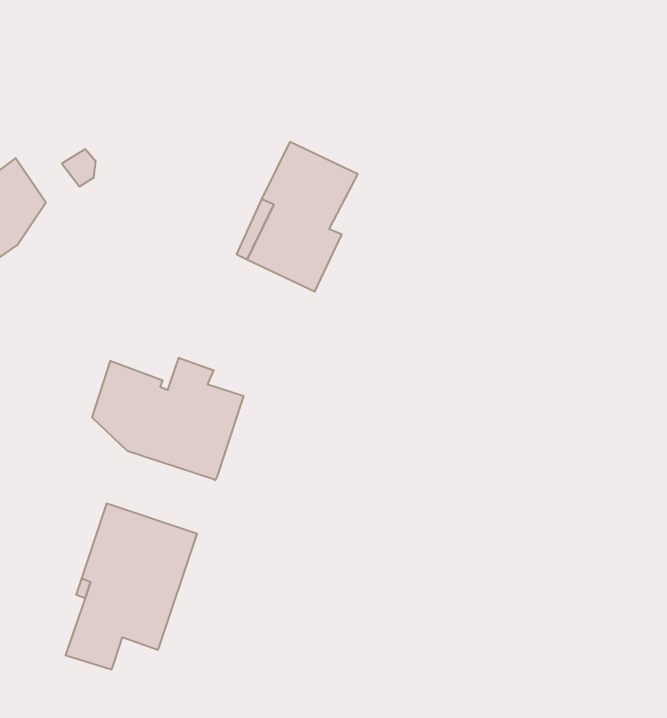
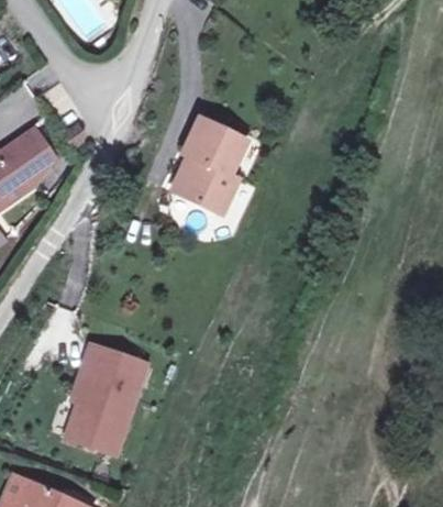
building: [92,358,244,480] -> none

